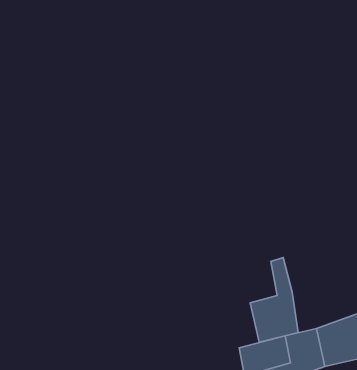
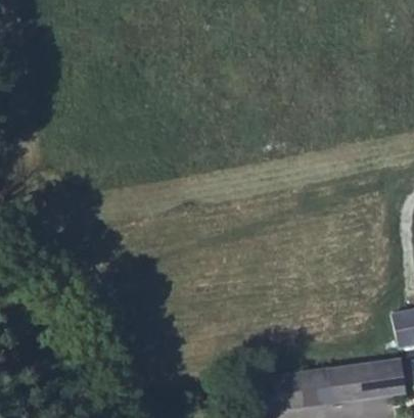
building: [250,257,298,342] -> none

